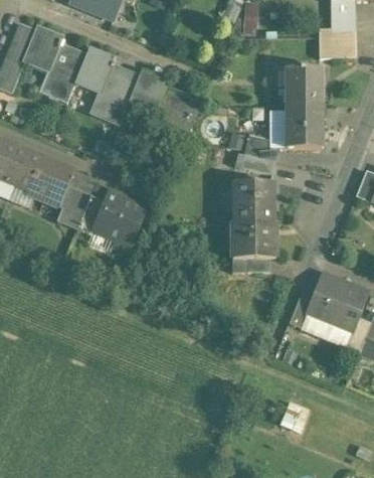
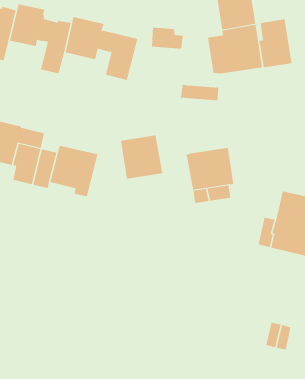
building: none -> [259,18,292,68]
building: [244,134,278,160] -> [151,27,184,49]
building: [234,181,271,220] -> [120,135,163,179]

